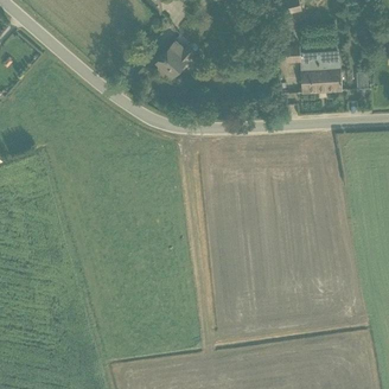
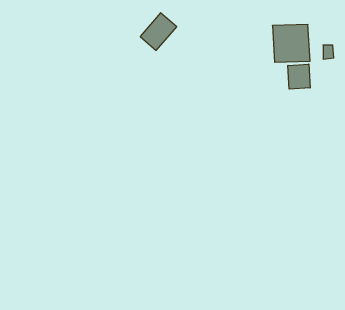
building: none -> [288,64,310,89]

